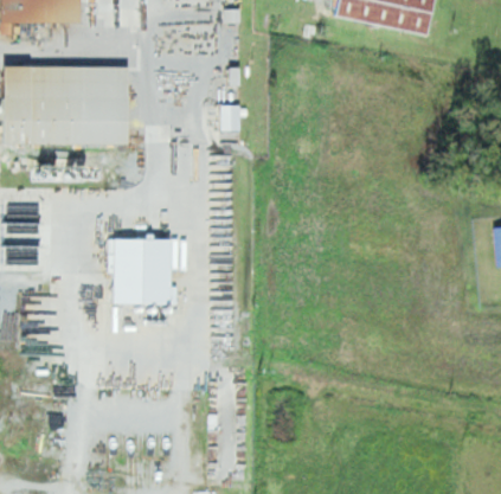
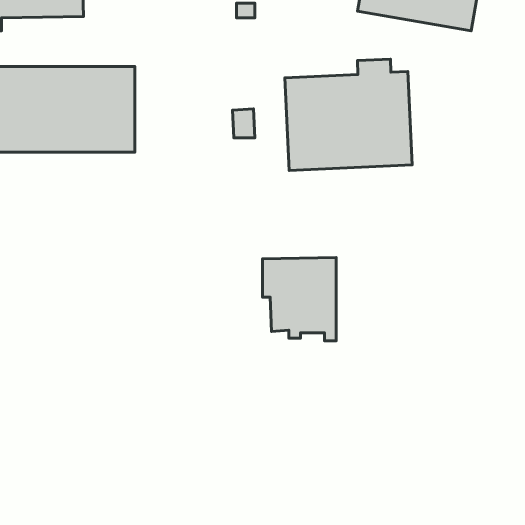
building: none -> [285,59,412,171]
building: [107,238,173,313] -> [262,258,336,341]

